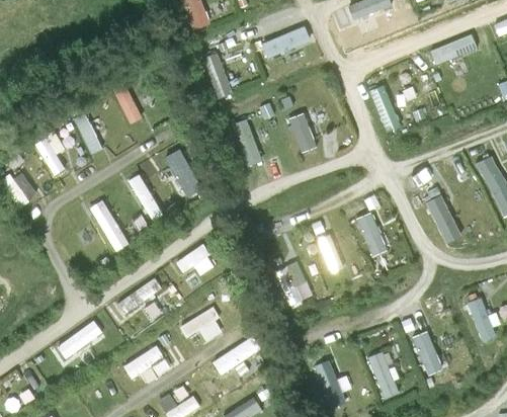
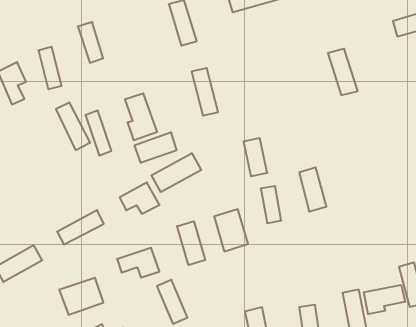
building: [291,114,319,154] -> [244,138,267,176]
building: none -> [135,132,176,163]
building: [424,193,459,242] -> none
building: [90,202,129,250] -> [56,103,90,150]
building: none -> [151,153,201,192]
building: none -> [177,221,205,265]
building: none -> [364,285,405,314]

